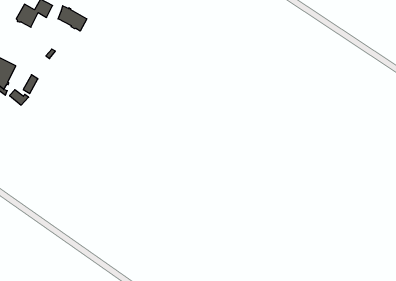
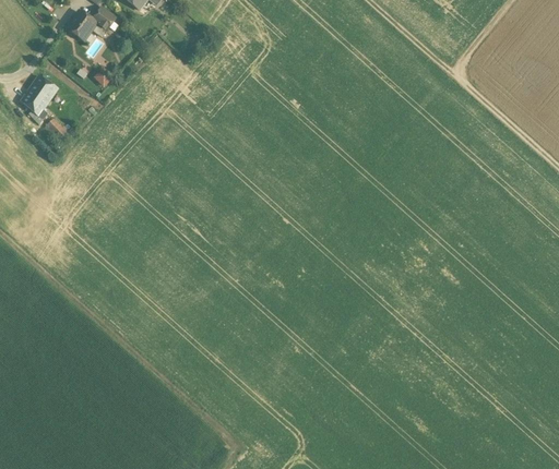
building: [58,6,87,31] -> none

